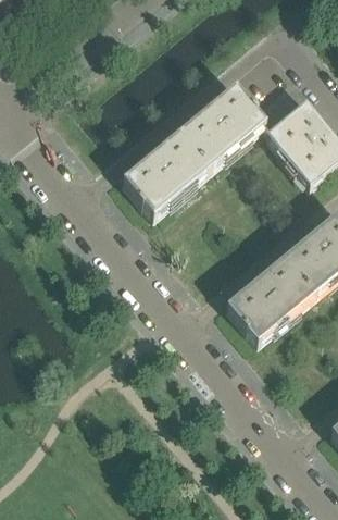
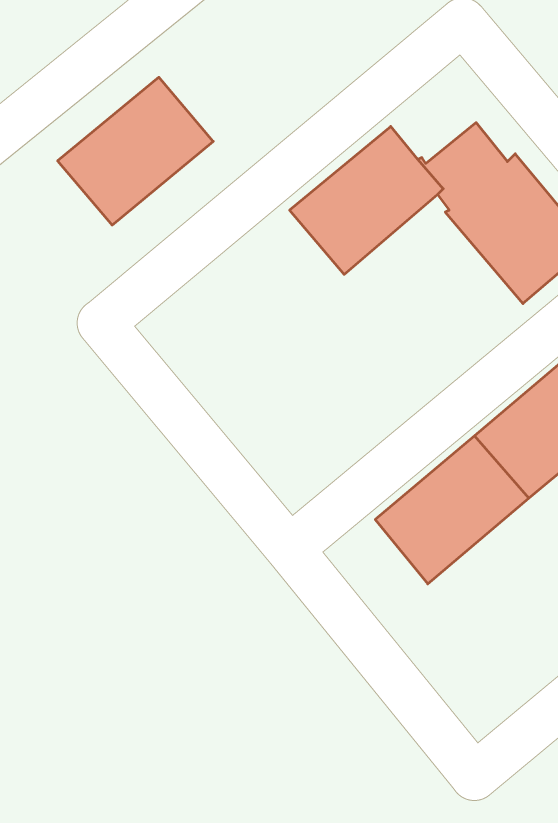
building: [122,134,209,216] -> [58,77,213,225]

